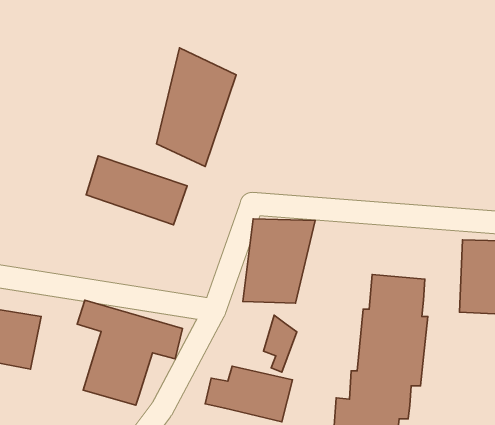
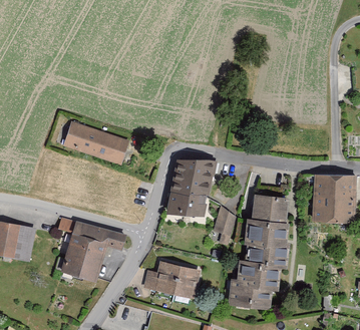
building: [157,48,236,166] -> none
building: [264,315,297,372] -> [212,208,234,246]

